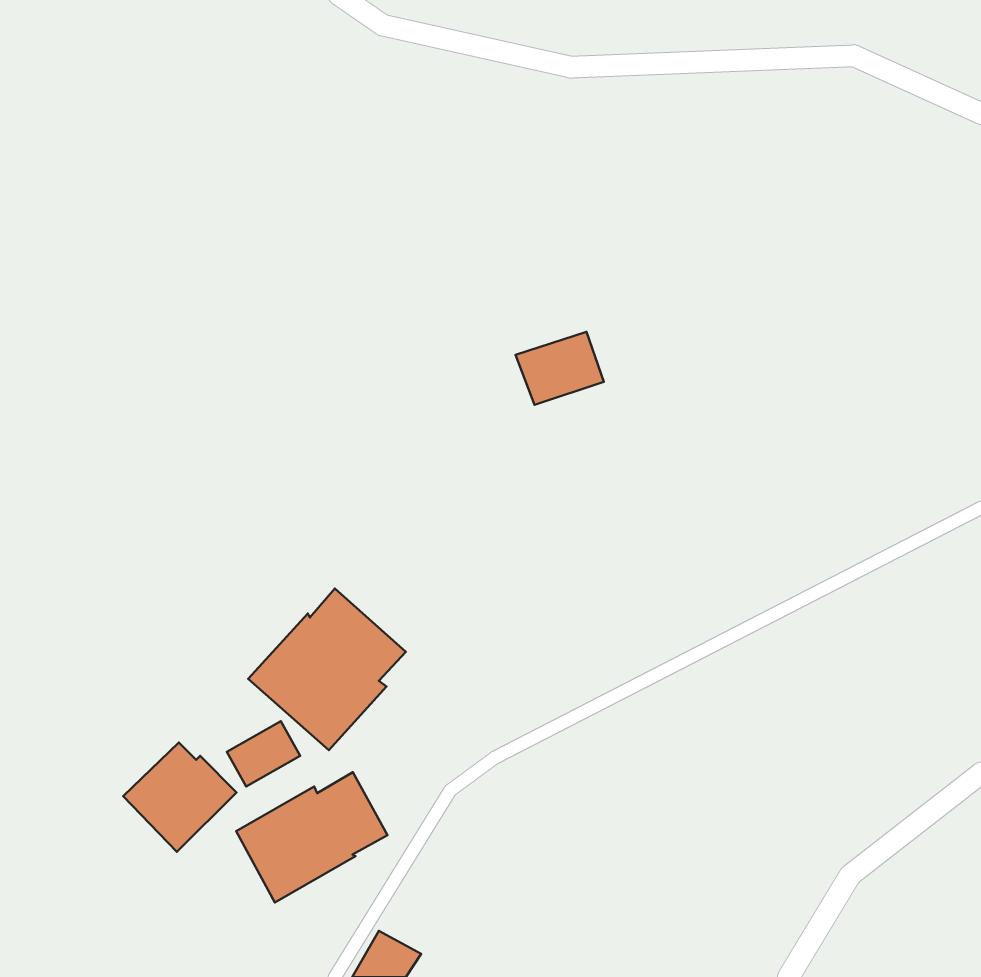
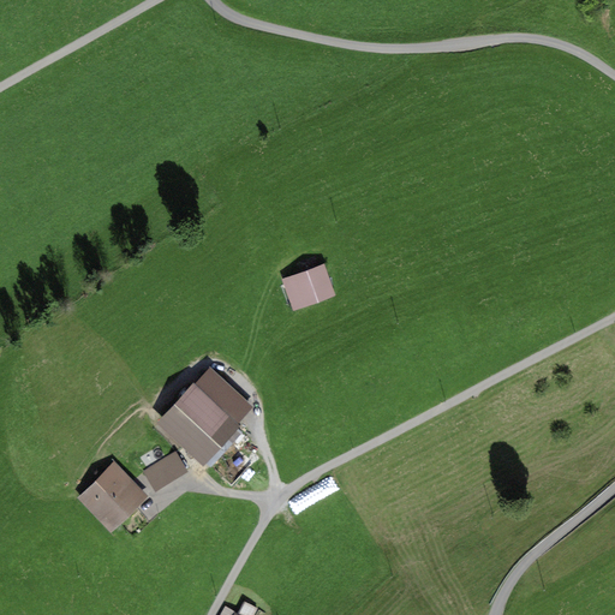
building: [515,332,604,405] -> [281,264,336,310]
building: [236,772,388,902] -> none

